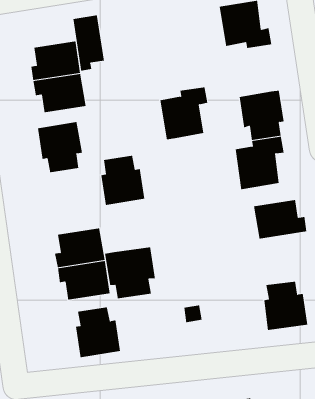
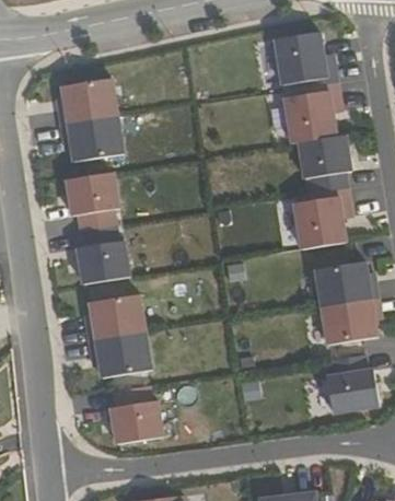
building: [73,14,105,72] -> none
building: [160,87,208,140] -> [284,83,340,144]
building: [100,155,145,205] -> [78,225,129,283]
building: none -> [322,299,380,345]
building: [105,247,156,299] -> none

